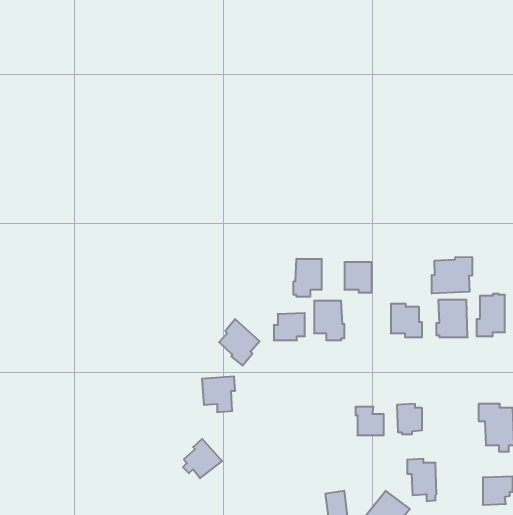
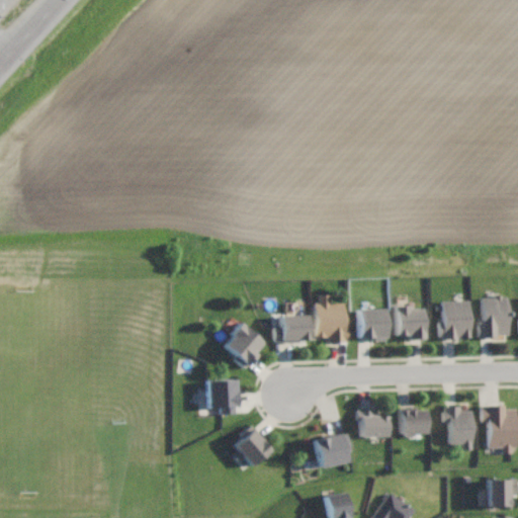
building: [432,257,472,294] -> none
building: [294,259,321,297] -> none
building: [344,262,372,293] -> [358,310,385,340]
building: none -> [313,433,350,465]
building: [183,439,222,478] -> [233,427,272,466]
building: [407,459,437,501] -> [444,408,473,450]

